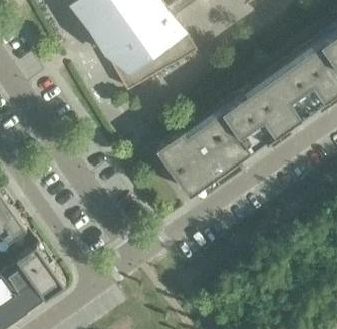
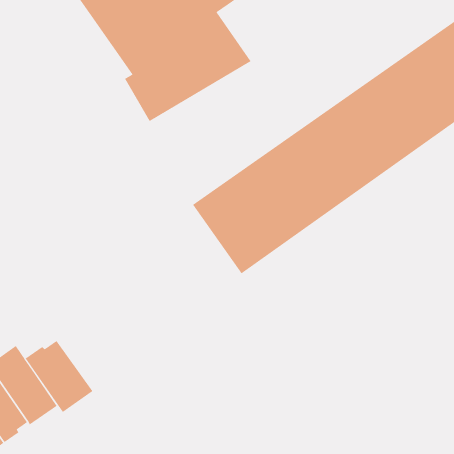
building: none -> [25,340,93,413]

